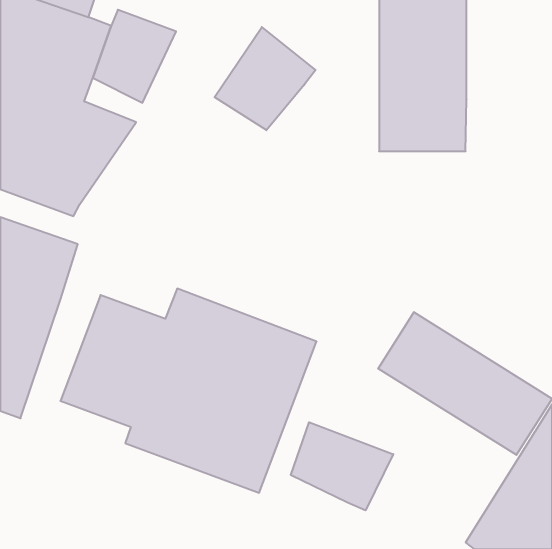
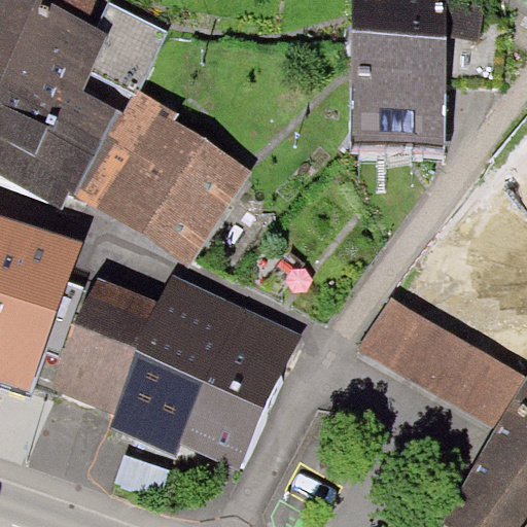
building: [215,27,316,130] -> none
building: none -> [76,101,250,269]
building: [291,422,393,510] -> none

